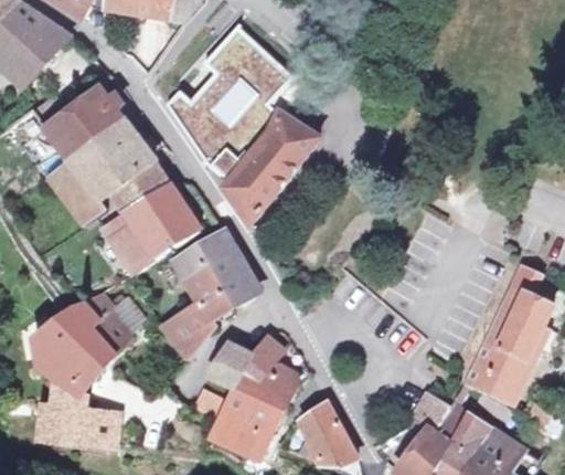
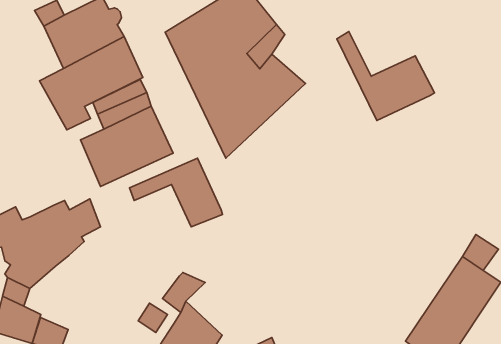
building: none -> [337,32,434,120]
building: [154,262,230,362] -> none
building: [236,334,291,407] -> none

